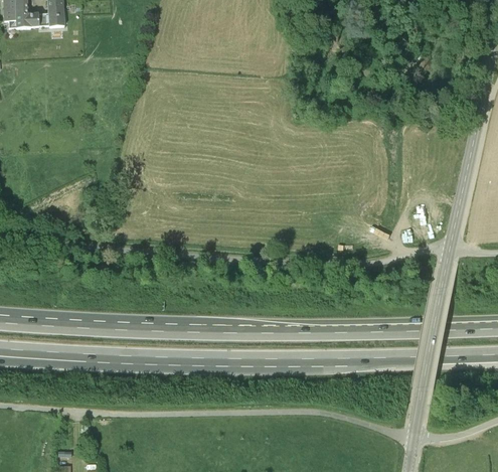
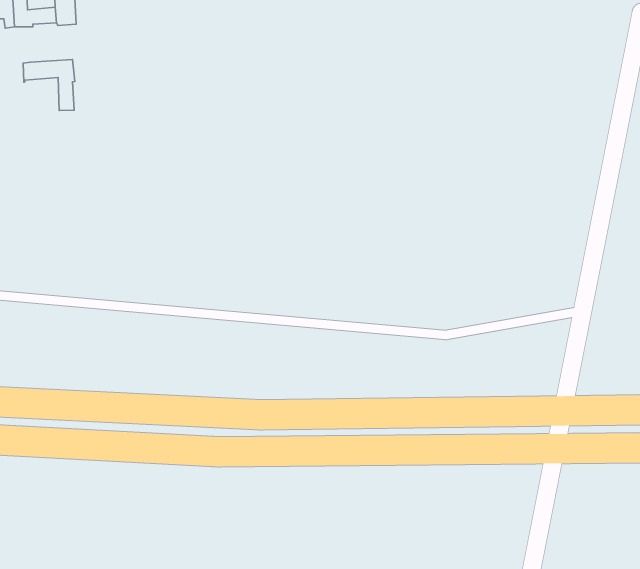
building: none -> [23,60,75,111]

